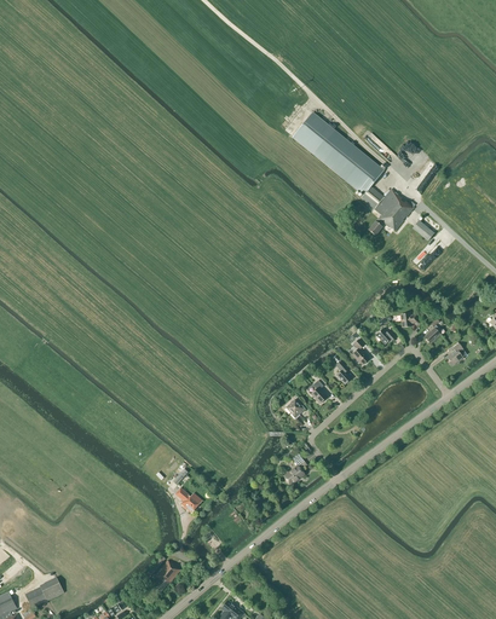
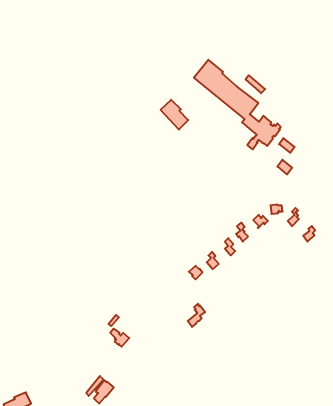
building: none -> [161,100,188,130]

